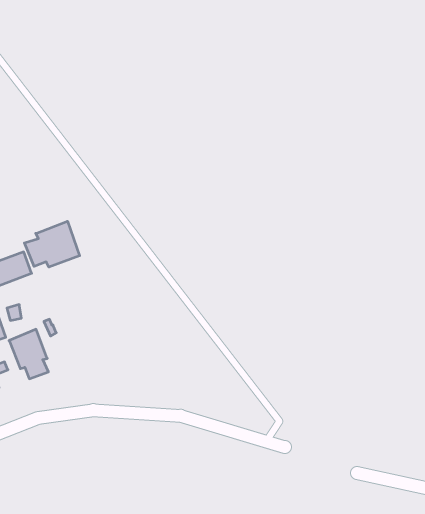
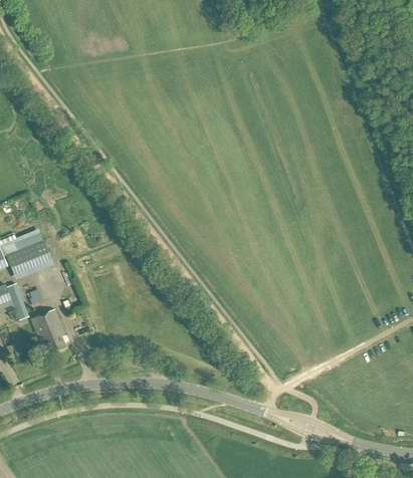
building: [24,221,80,267] -> none

